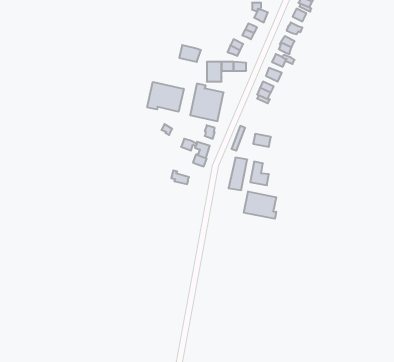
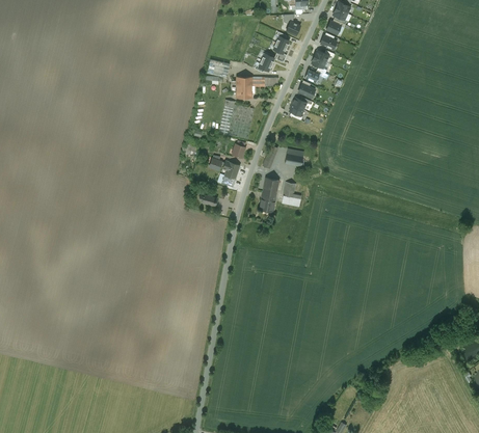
building: [147,82,184,112] -> none
building: [244,191,276,219] -> none

